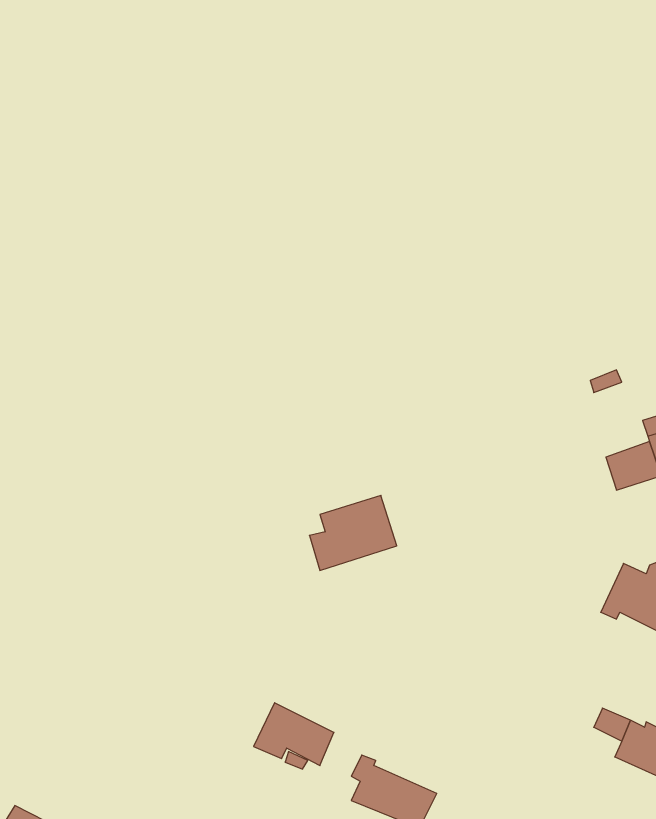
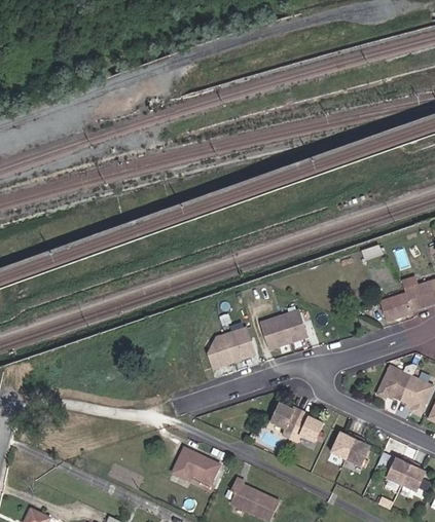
building: none -> [263,311,309,348]
building: none -> [266,403,321,445]
building: none -> [328,432,368,467]

